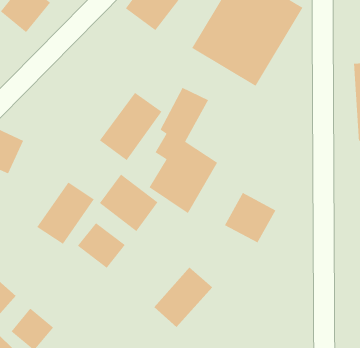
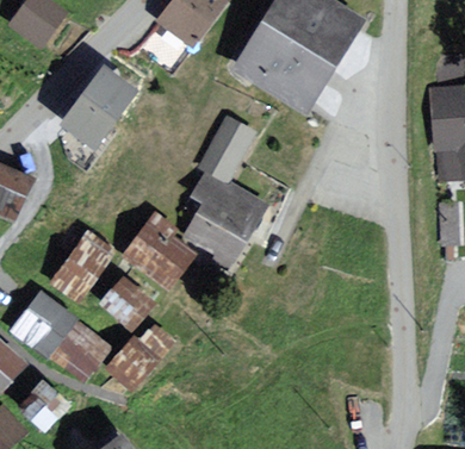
building: [99,92,163,161] -> [62,66,138,149]
building: [224,192,276,244] -> none
building: none -> [10,292,112,386]
building: [154,266,213,328] -> [104,320,175,394]

